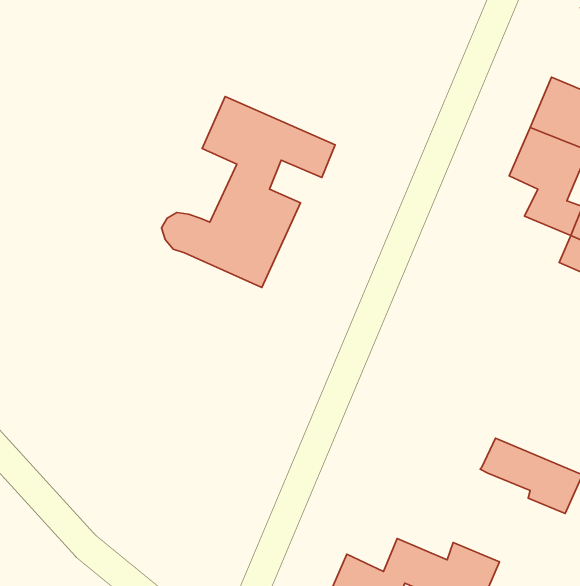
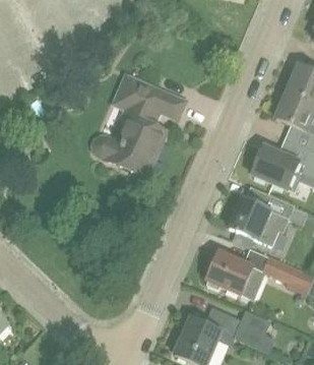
building: none -> [251,146,302,192]
building: none -> [228,193,306,245]
building: none -> [205,252,252,295]

